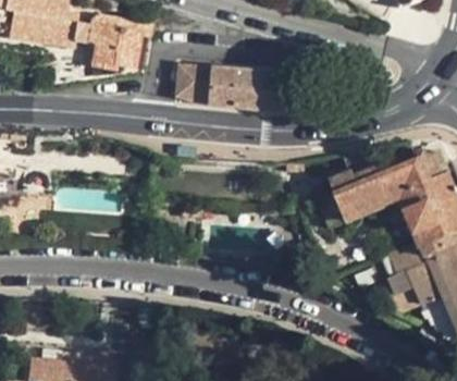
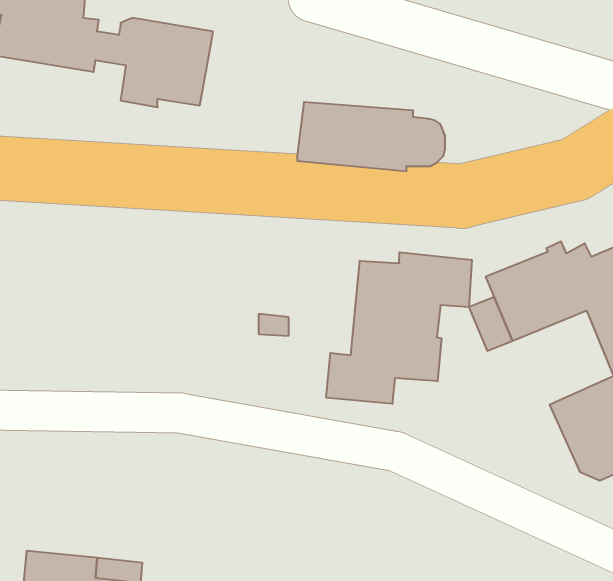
building: [176,64,212,102] -> none
building: none -> [326,252,472,404]

